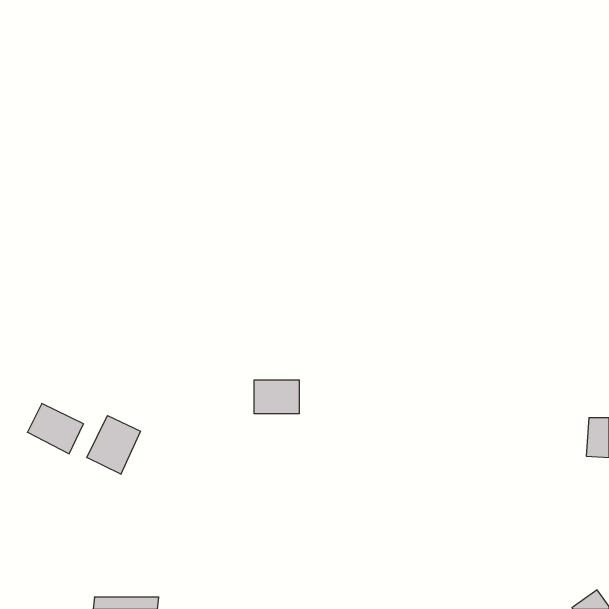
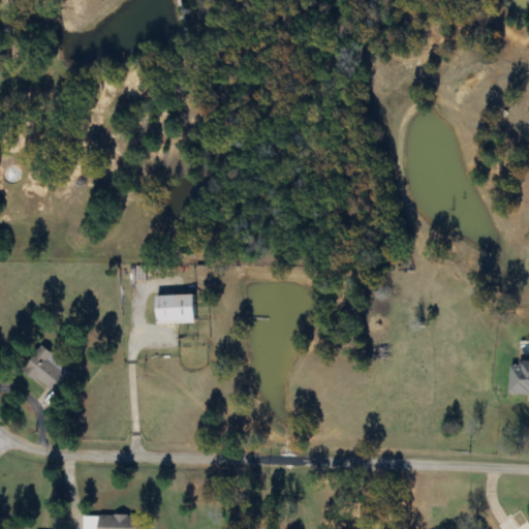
building: [254,380,299,414] -> [155,294,194,323]
building: [87,416,140,474] -> none

